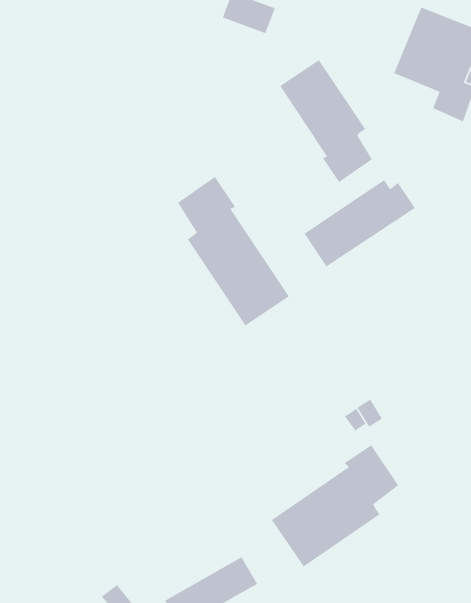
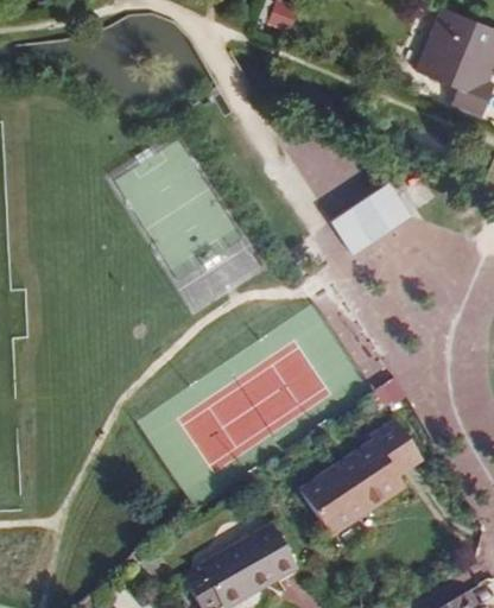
building: [279,59,373,183] -> none
building: [177,176,290,327] -> none

